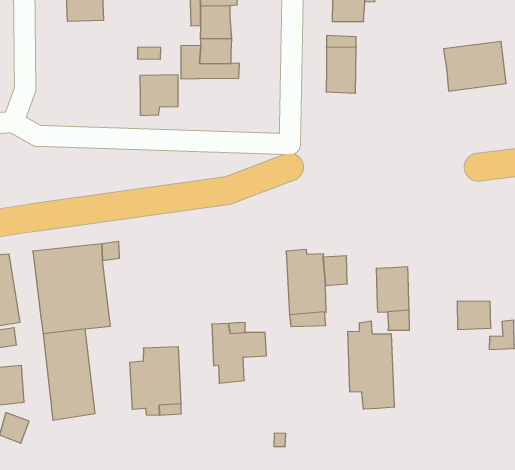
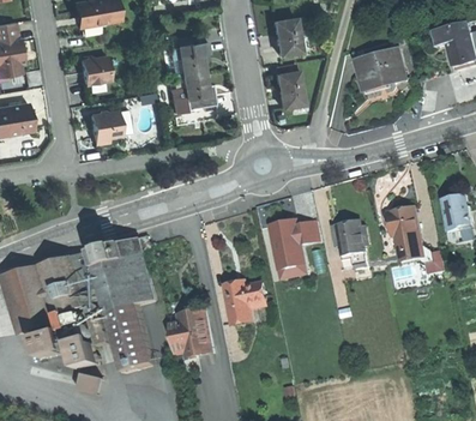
building: [140,75,178,115] -> [91,108,122,142]
building: none -> [71,253,101,306]
building: none -> [388,205,424,241]
building: [348,321,394,409] -> none

